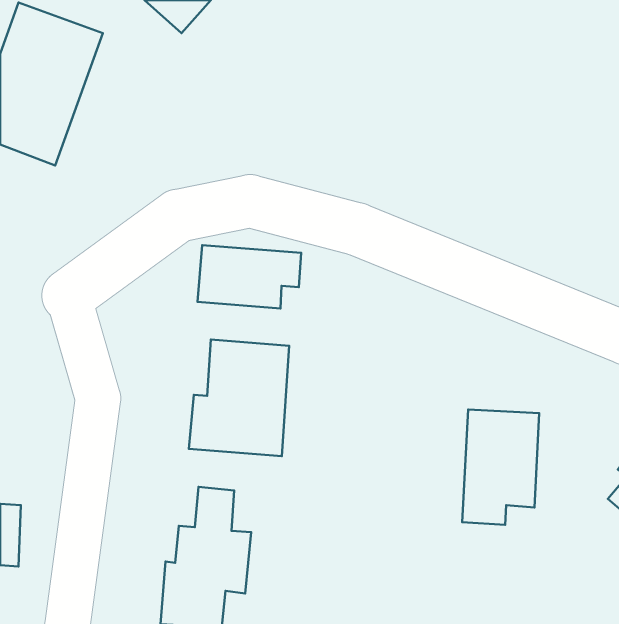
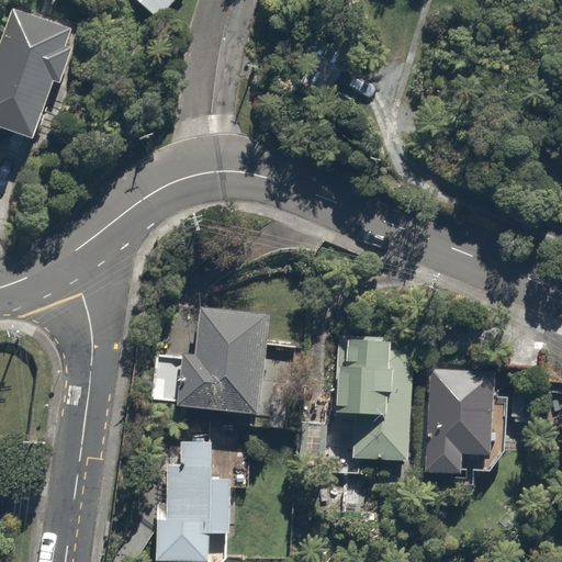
building: [197,245,301,309] -> none
building: none -> [325,336,414,467]

